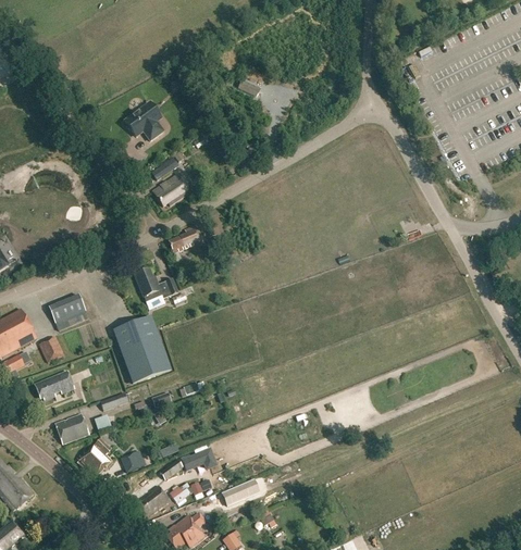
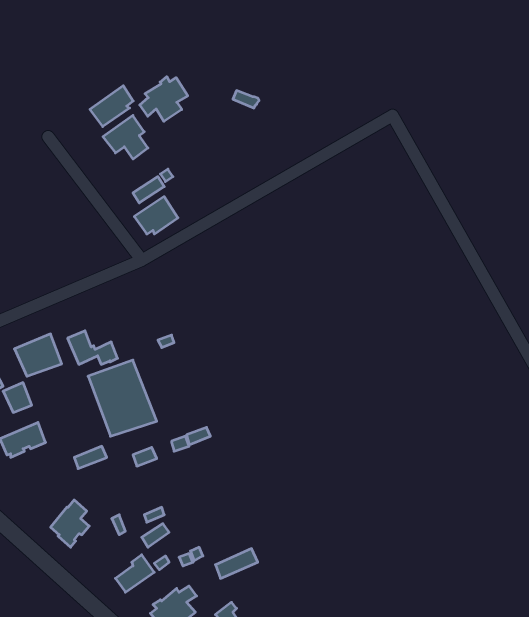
building: none -> [140,77,188,121]
building: none -> [90,86,133,127]
building: [168,224,202,252] -> none
building: [134,267,177,297] -> [68,331,118,364]
building: [54,413,88,443] -> none

